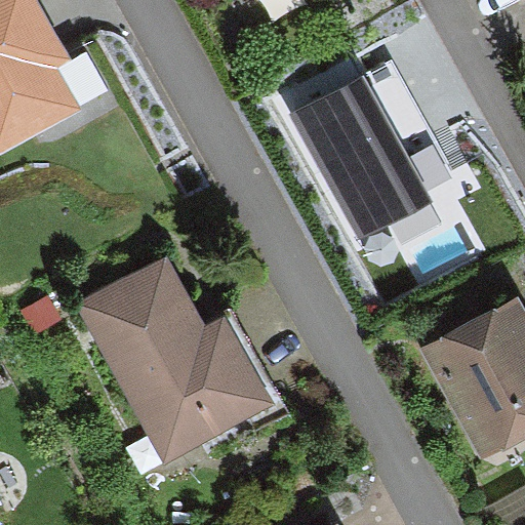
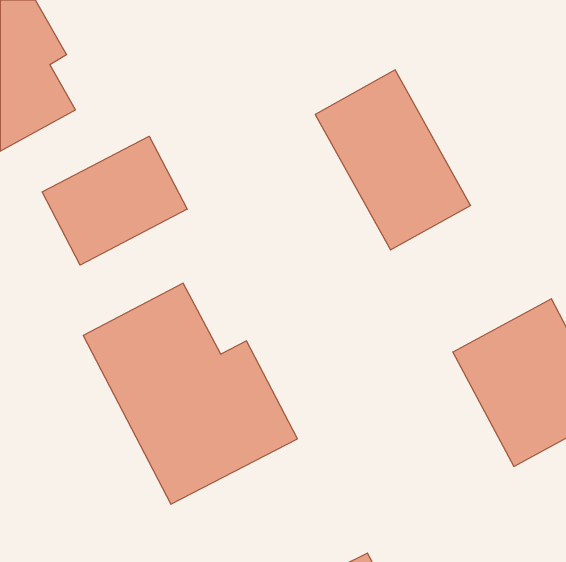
building: none -> [42,136,187,265]

